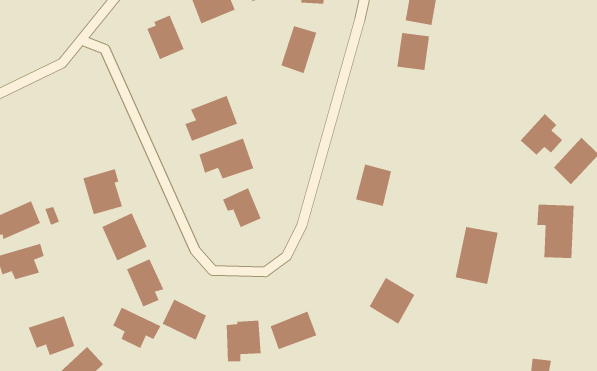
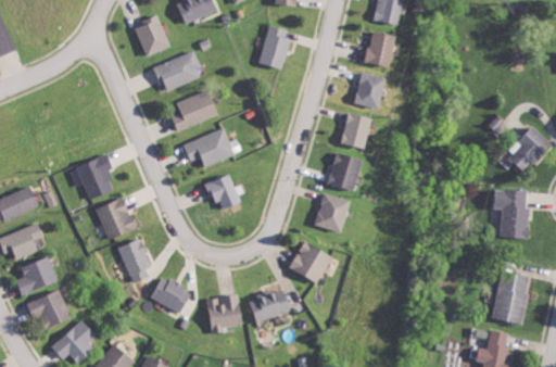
building: none -> [152,52,199,90]
building: none -> [353,73,384,109]
building: [520,113,563,156] -> none
building: none -> [339,112,370,149]
building: none -> [313,193,349,232]
building: [455,226,499,284] -> [490,271,530,325]
building: [369,277,415,324] -> [289,240,331,283]
building: none -> [15,257,56,295]
building: [112,307,161,349] -> none

